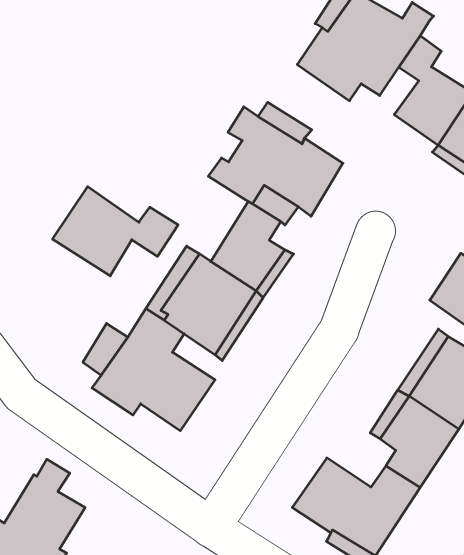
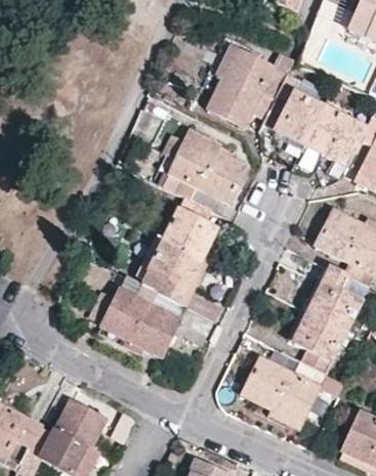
building: [53,187,178,276] -> none

